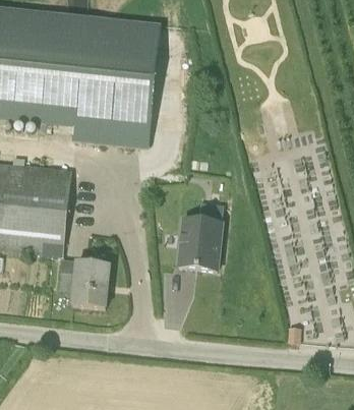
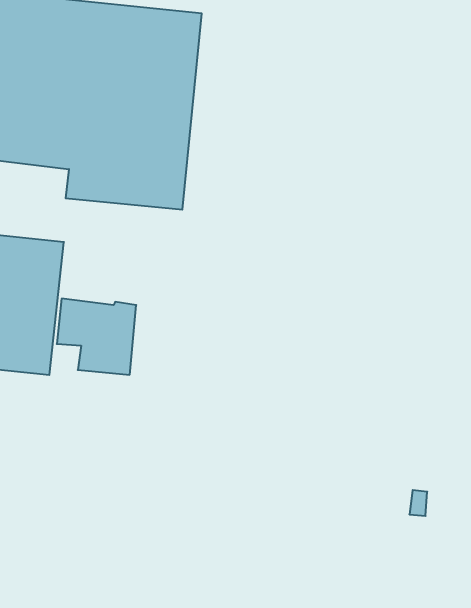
building: [178,217,222,269] -> none
building: [59,257,109,305] -> [57,299,136,375]

